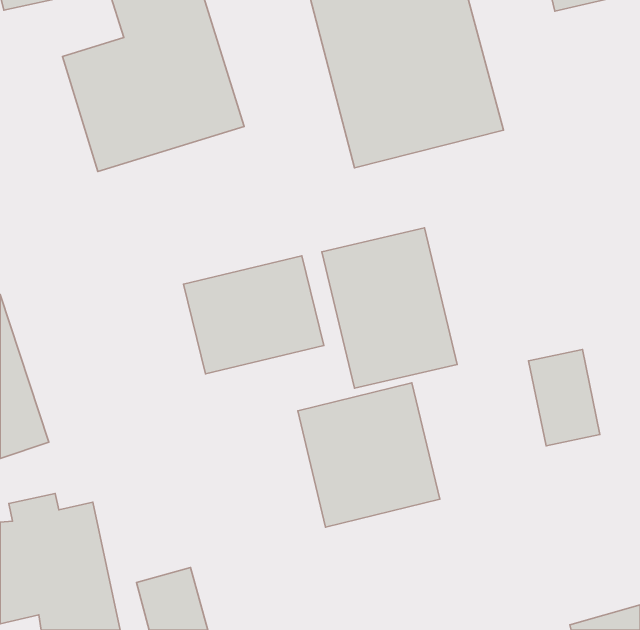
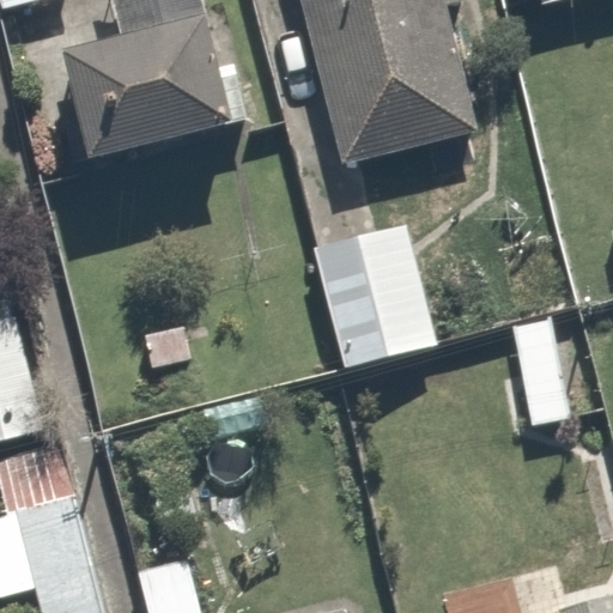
building: [183,256,324,374] -> none
building: [298,383,440,527] -> none

